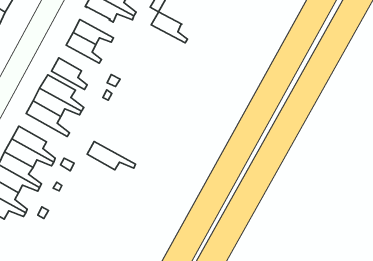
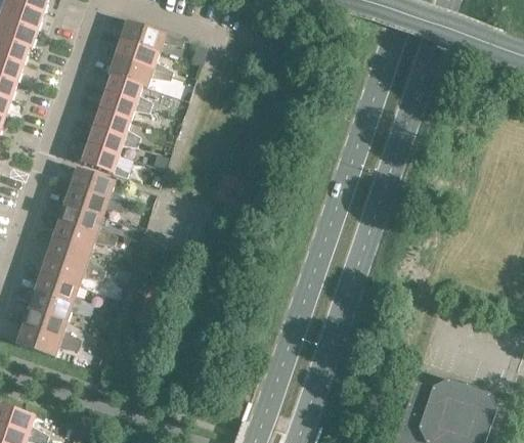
building: [151,12,187,43] -> [103,74,151,106]
building: none -> [86,126,137,154]
building: [87,141,136,170] -> [51,220,114,251]

